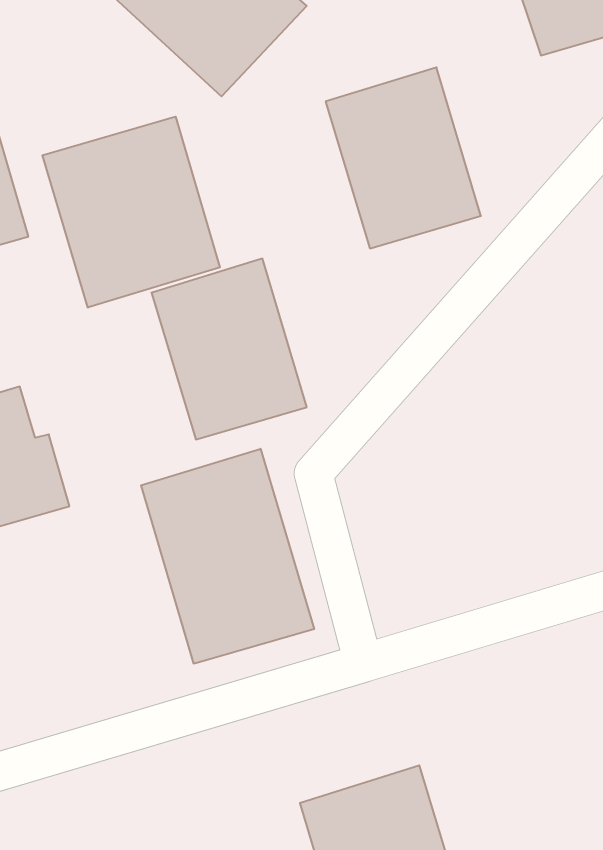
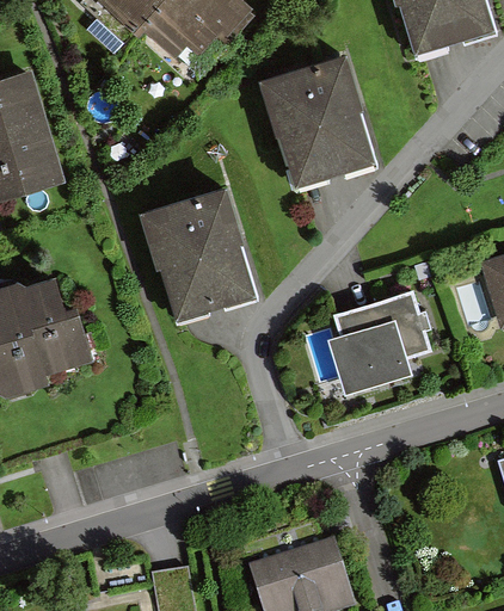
building: [42,117,220,308] -> none
building: none -> [330,292,430,391]
building: [141,449,314,664] -> none

